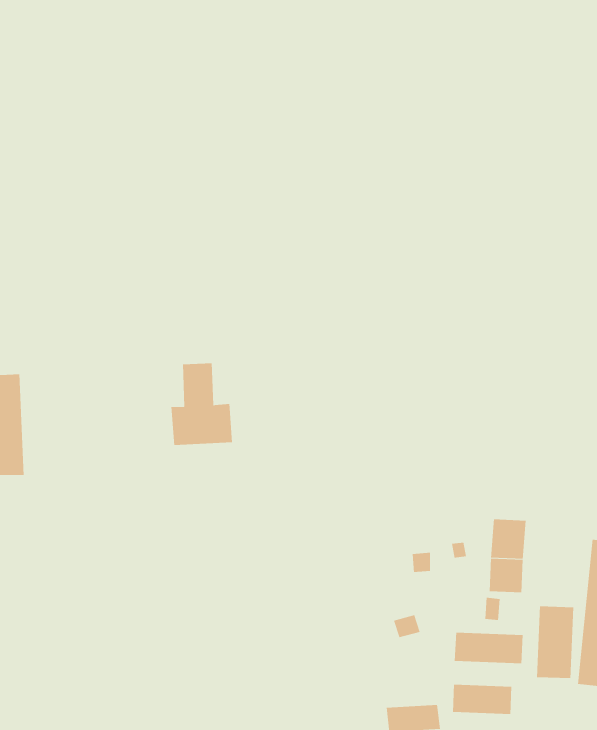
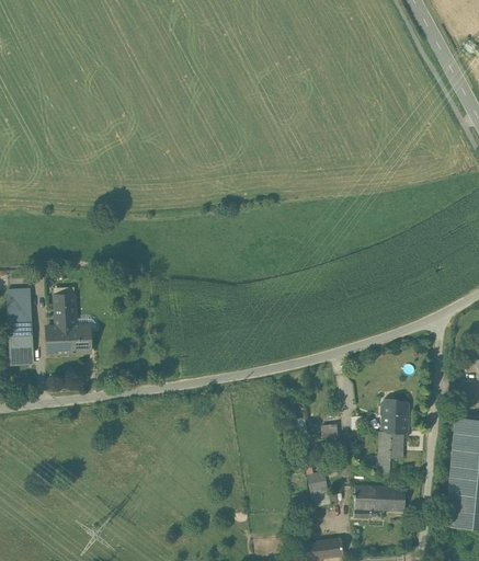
building: [171,363,233,446] -> [43,294,90,356]
building: [536,606,574,679] -> none
building: [452,684,512,715] -> none

